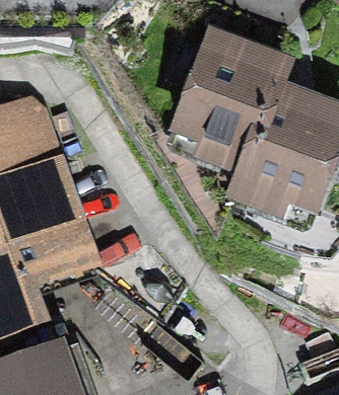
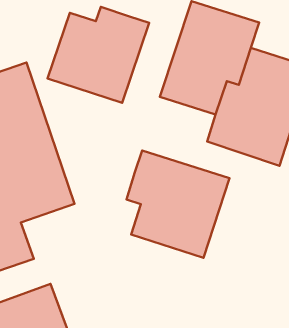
building: none -> [48,7,149,103]
building: none -> [126,150,229,258]

